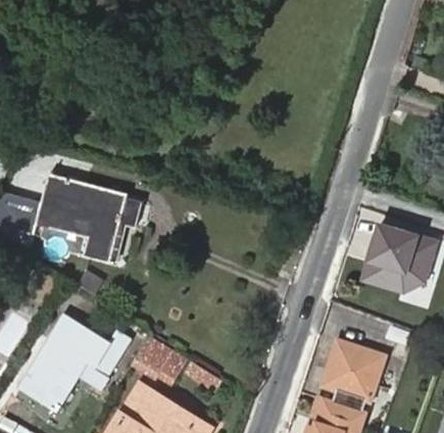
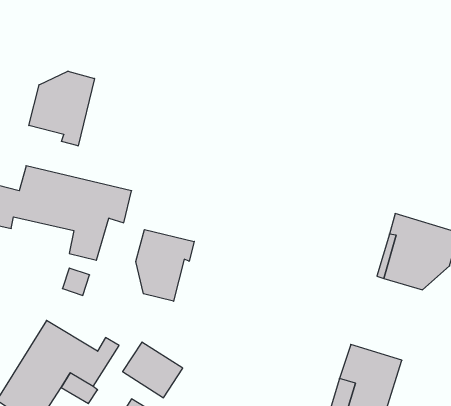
building: none -> [29,71,94,146]
building: none -> [136,230,194,301]

